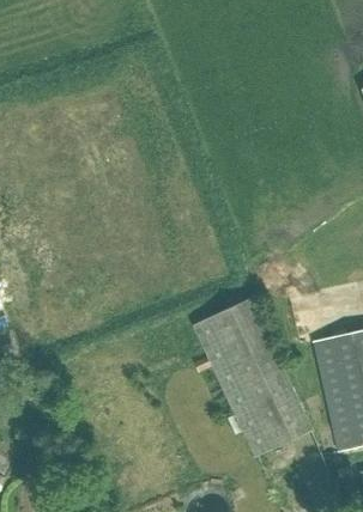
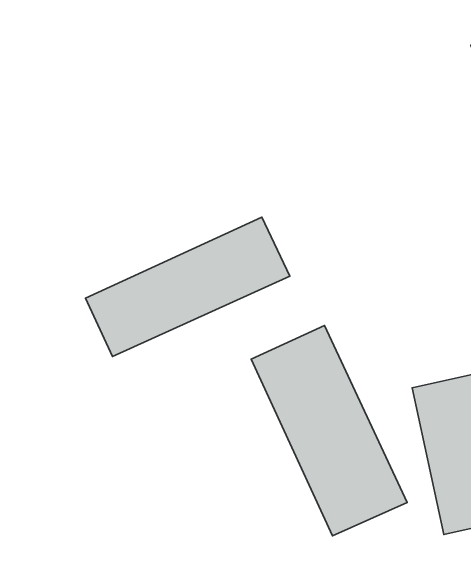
building: none -> [85,217,290,357]

